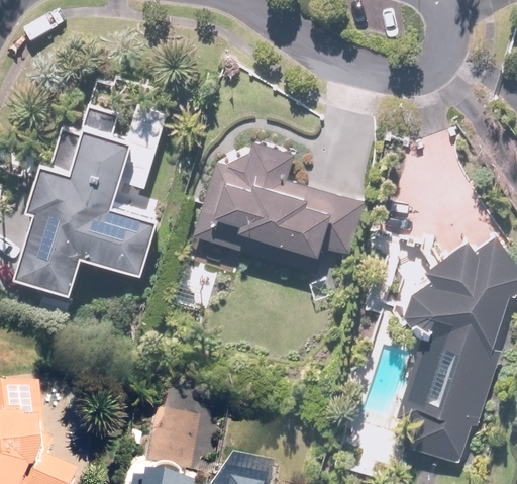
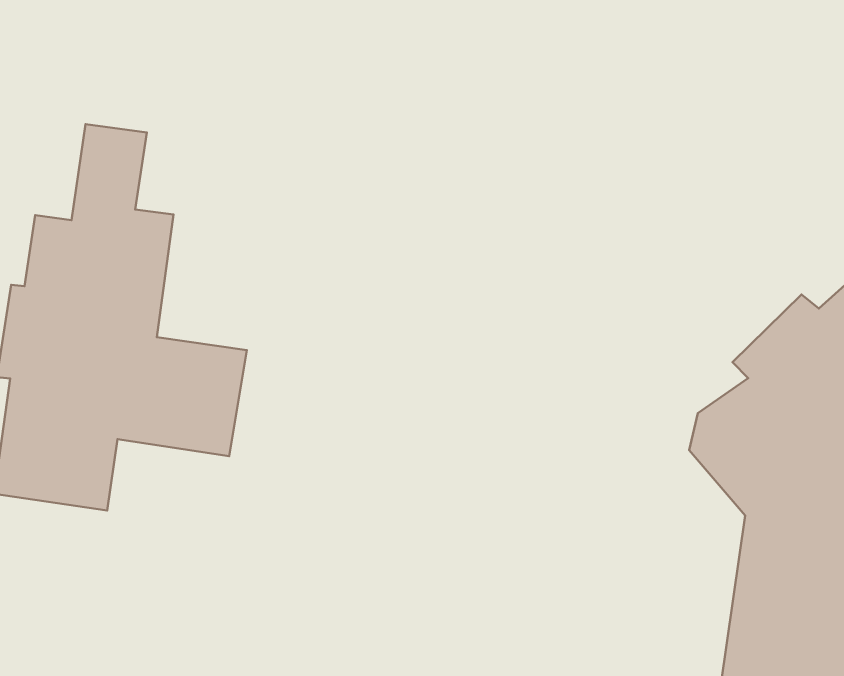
building: [193,141,368,278] -> none

